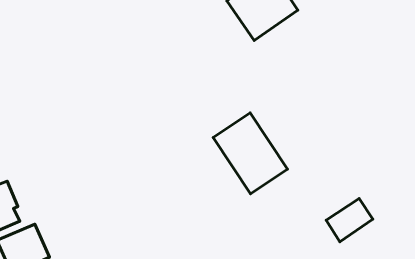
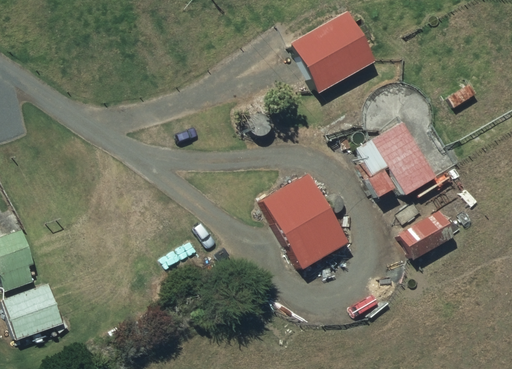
building: none -> [359,121,434,190]
building: [326,198,373,242] -> [400,210,454,258]

